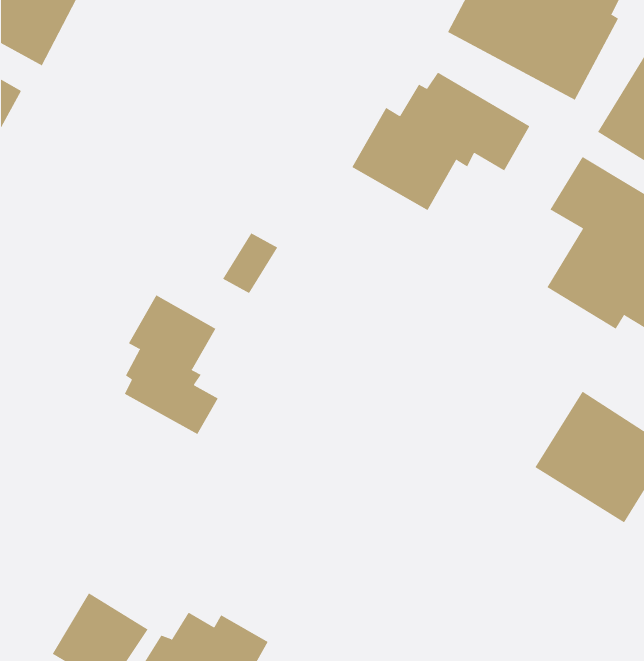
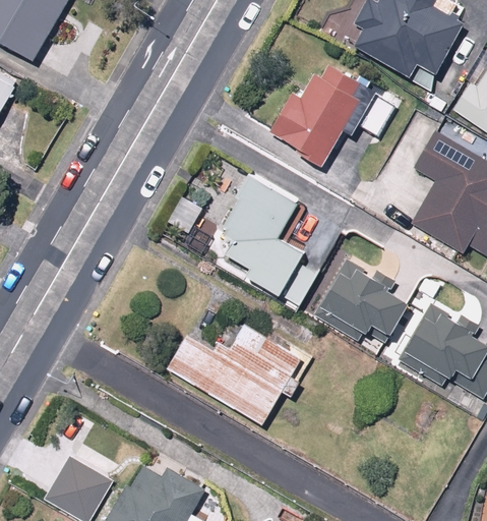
building: none -> [214,172,307,298]
building: [124,295,219,435] -> none
building: none -> [313,254,405,341]
building: none -> [165,322,315,427]

